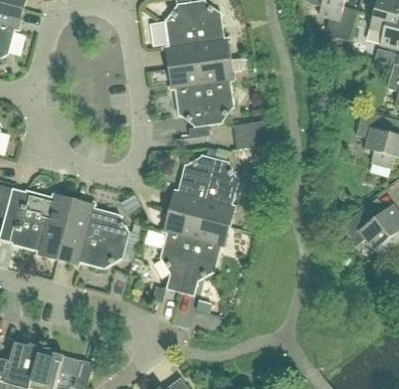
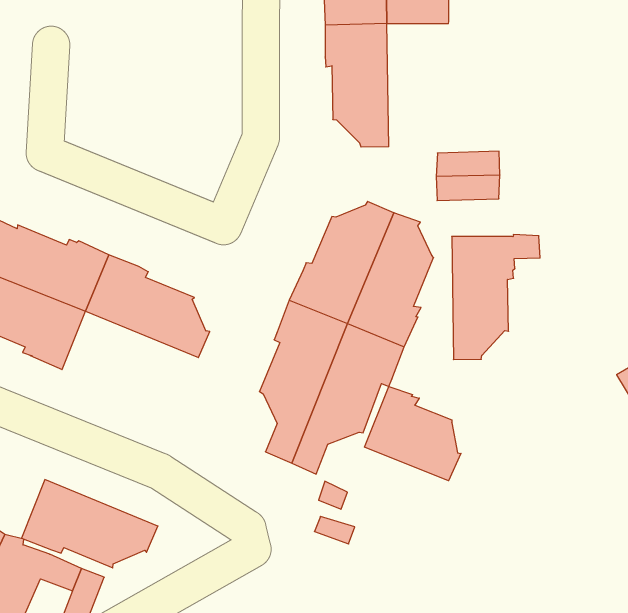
building: [199,56,245,125] -> [452,235,540,360]
building: [57,228,126,268] -> [21,480,158,568]
building: none -> [365,387,461,481]

